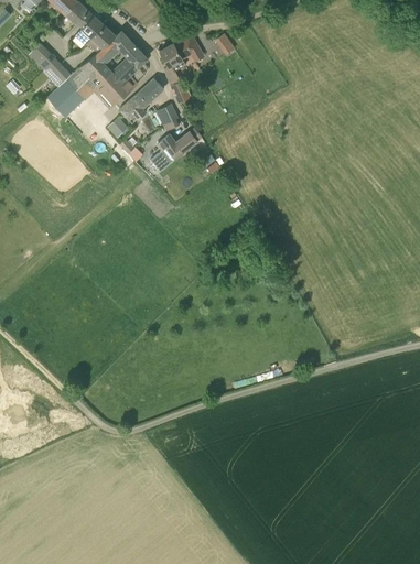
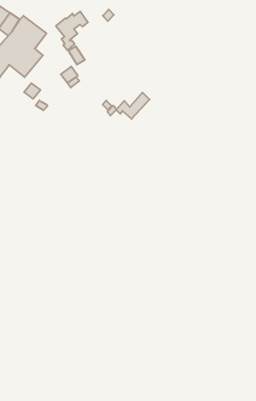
building: [120,77,163,123] -> none
building: [158,127,202,158] -> [116,93,150,119]

